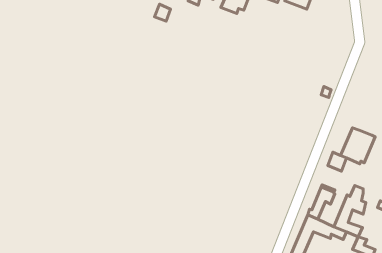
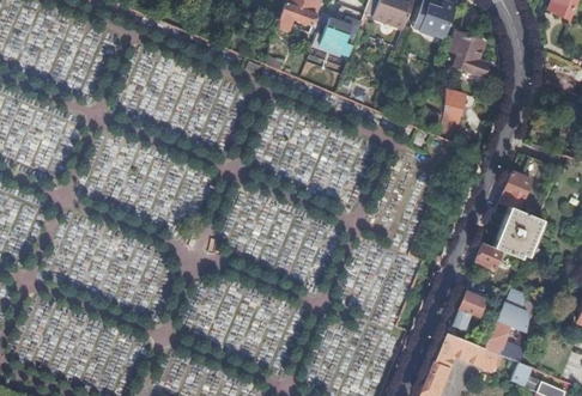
building: none -> [449,33,486,78]
building: none -> [439,89,465,144]
building: none -> [499,171,532,211]

